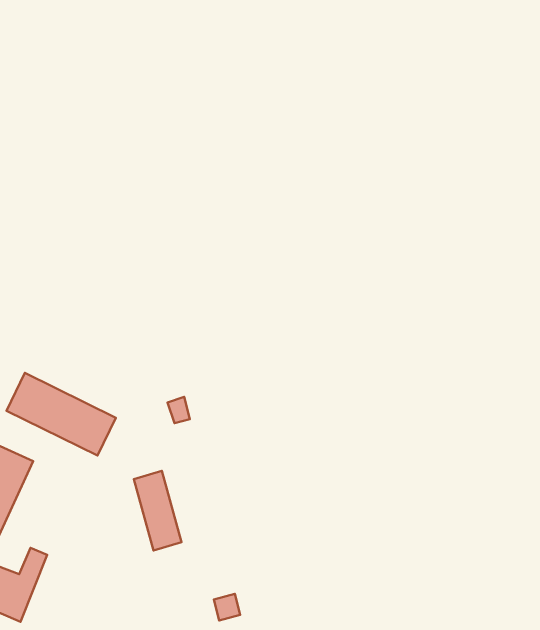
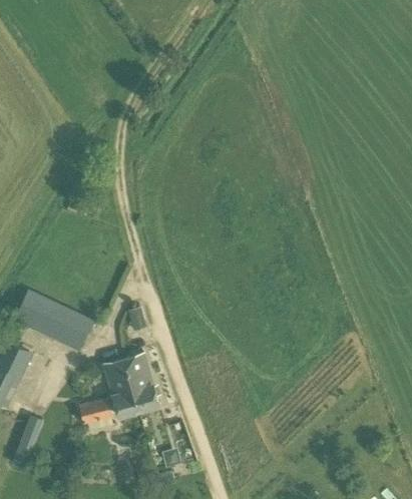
building: none -> [125,355,158,411]
building: none -> [79,398,111,424]

